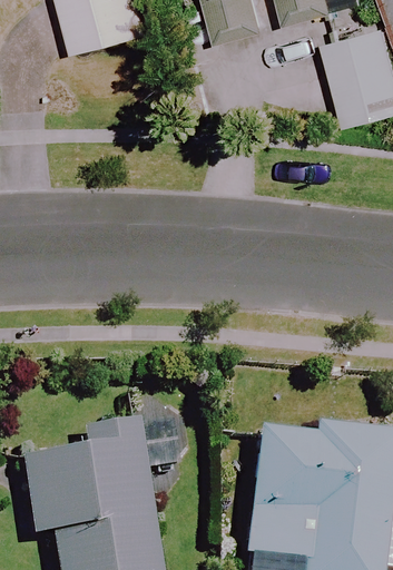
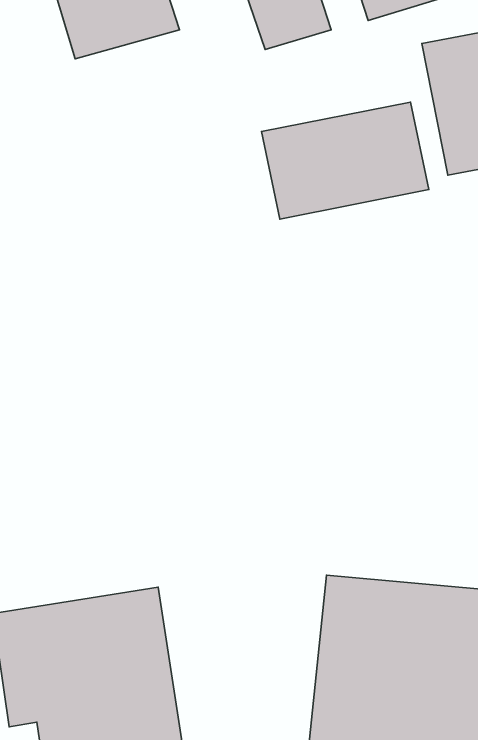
building: none -> [262,102,429,219]

